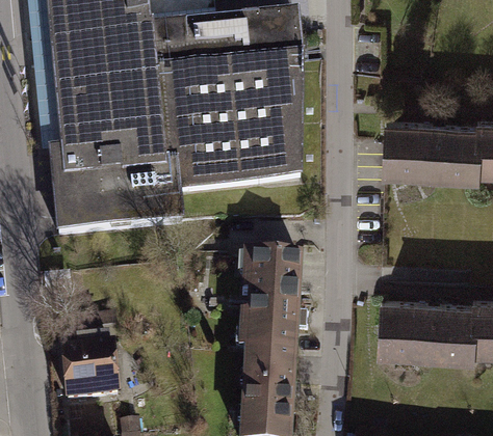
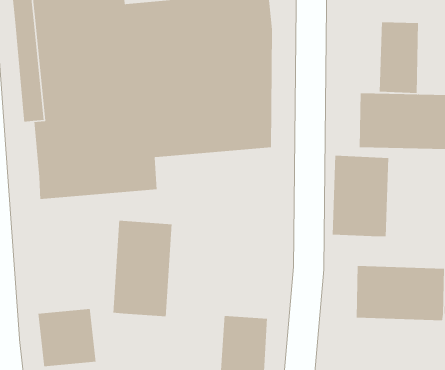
building: none -> [379,22,419,94]
building: none -> [332,155,389,237]
building: [240,251,303,352] -> [112,220,172,317]

